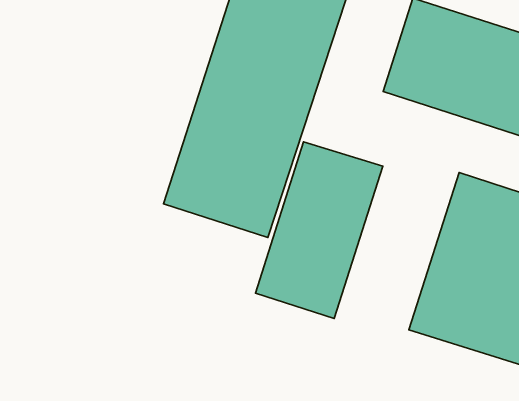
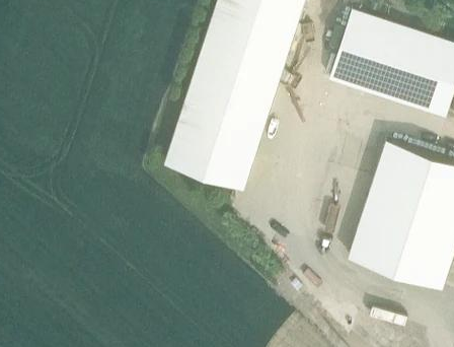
building: [255,142,383,319] -> none

